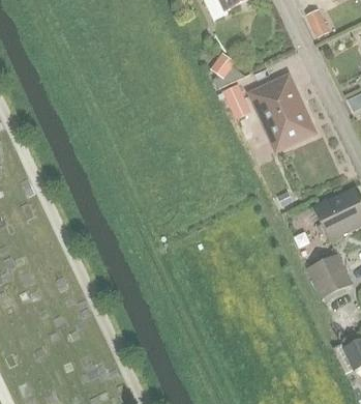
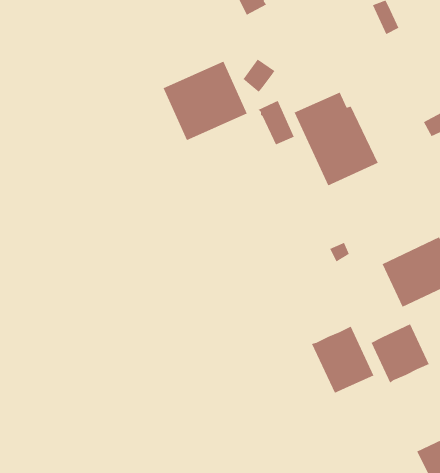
building: none -> [162,60,248,141]
building: none -> [311,325,375,394]

